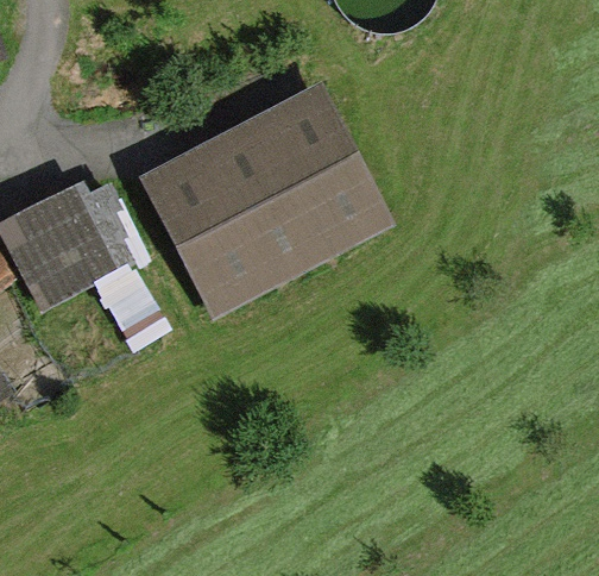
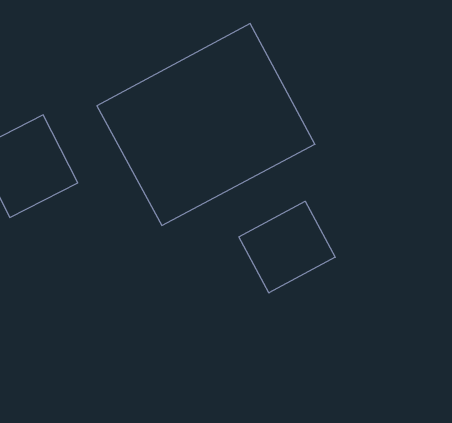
building: none -> [239,201,335,293]

